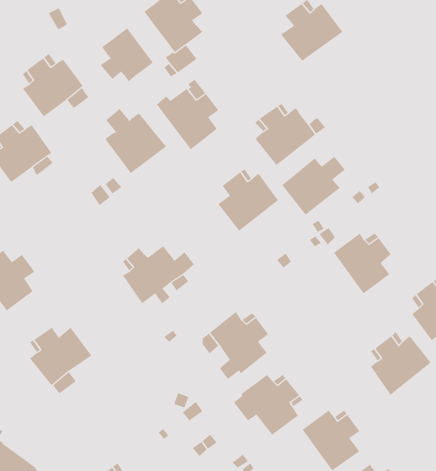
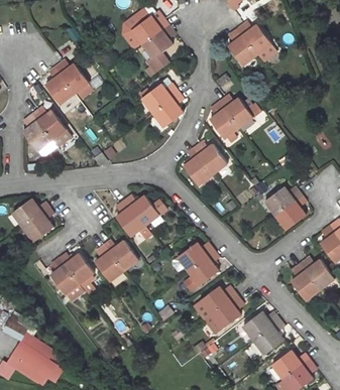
building: [100,28,153,82] -> none
building: [104,108,167,174] -> none
building: [281,156,345,216] -> none
building: none -> [94,240,138,282]

